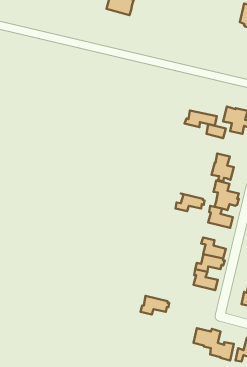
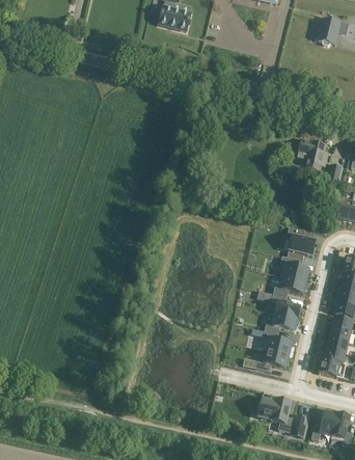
building: [185,110,217,127] -> none
building: [211,154,234,182] -> none
building: [176,194,205,211] -> [274,274,308,295]
building: [140,296,169,314] -> [256,348,291,370]

